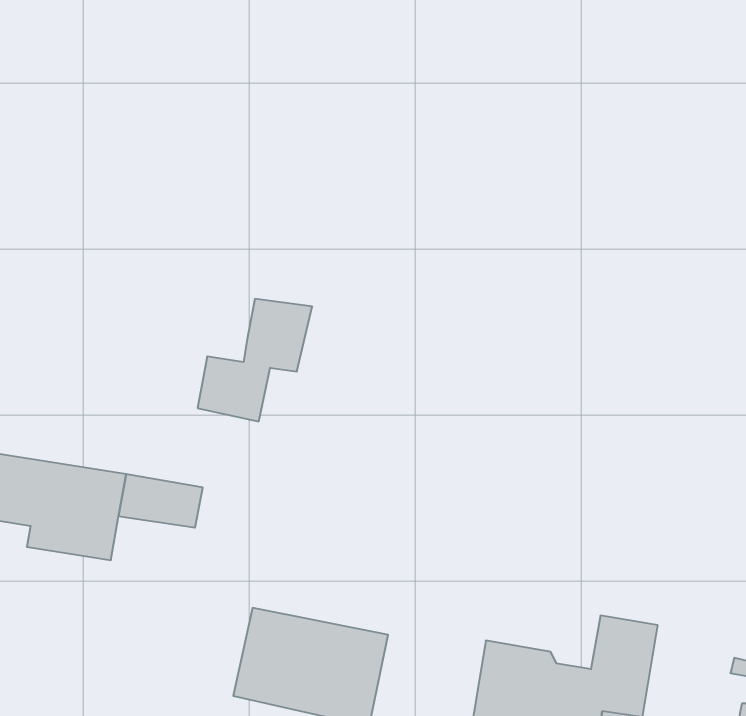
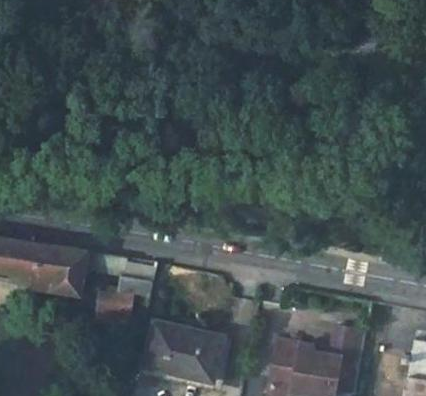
building: [198,299,312,421] -> [97,259,157,323]

